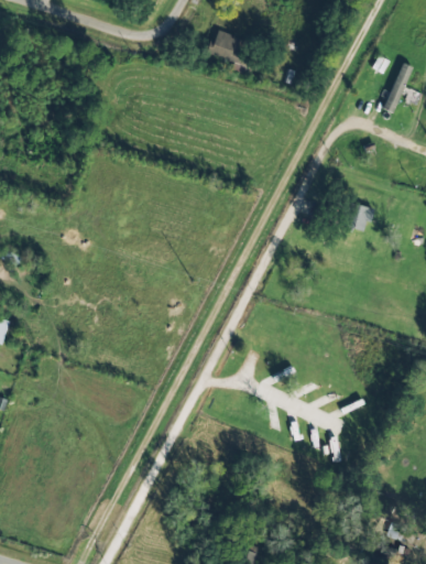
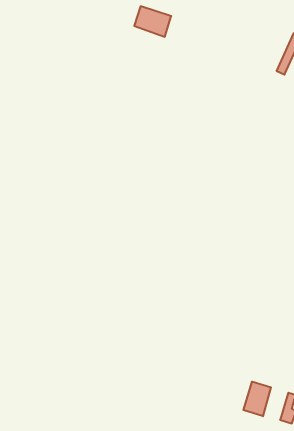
building: [341,203,373,230] -> none
building: none -> [243,382,271,416]

